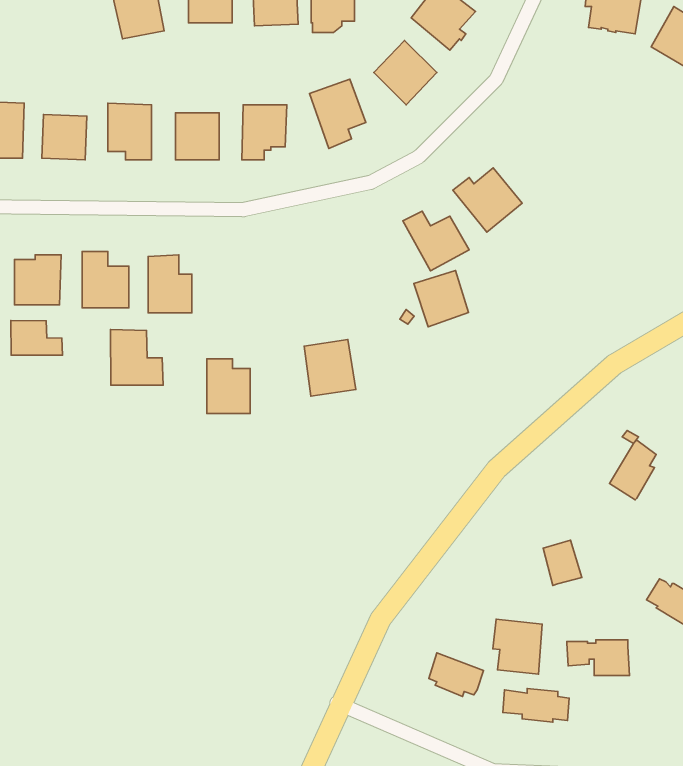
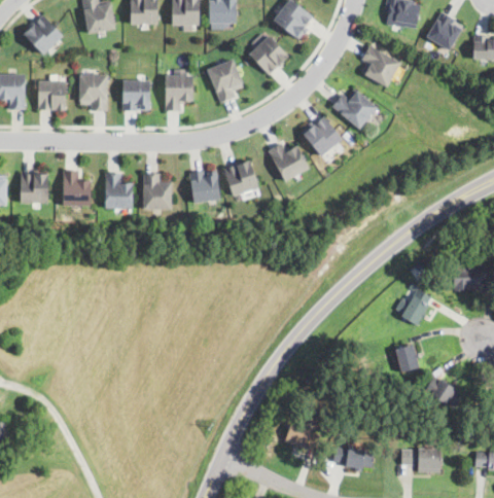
building: none -> [23,13,64,55]
building: none -> [361,45,400,86]
building: none -> [332,87,377,129]
building: [414,270,469,327] -> [223,159,258,195]
building: [11,320,63,355] -> none
building: [111,330,163,385] -> none
building: [304,340,356,396] -> [189,167,222,203]
building: [207,359,250,414] -> [143,173,171,208]
building: [543,540,582,585] -> [394,346,419,375]
building: [493,619,542,674] -> none
building: [567,640,630,675] -> [400,450,440,472]

